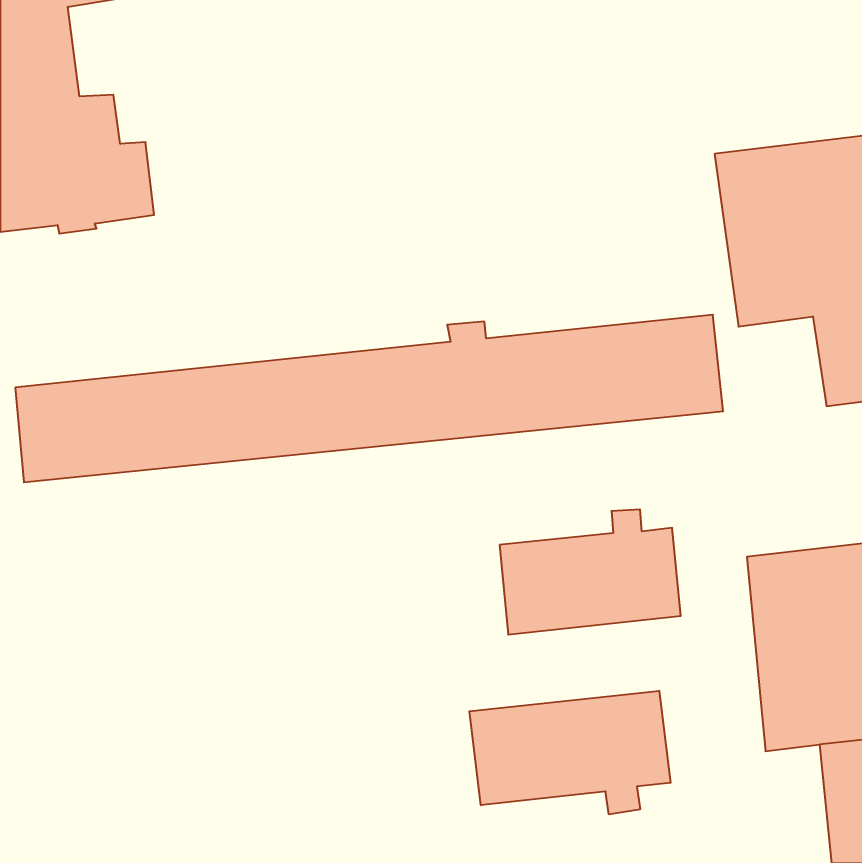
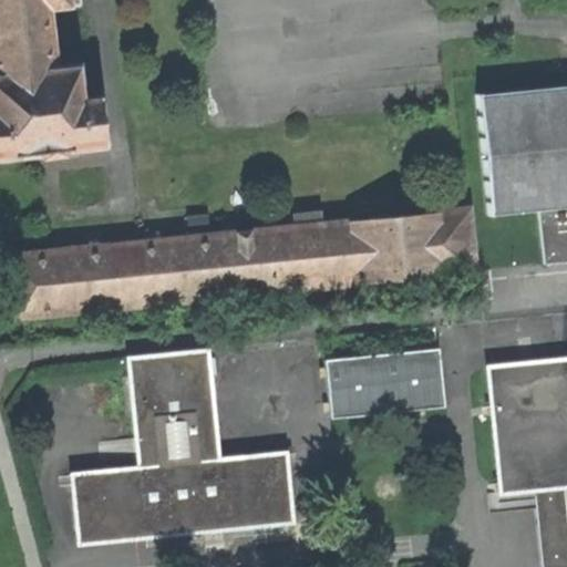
building: none -> [74,346,296,542]
building: [469,691,670,814] -> none

